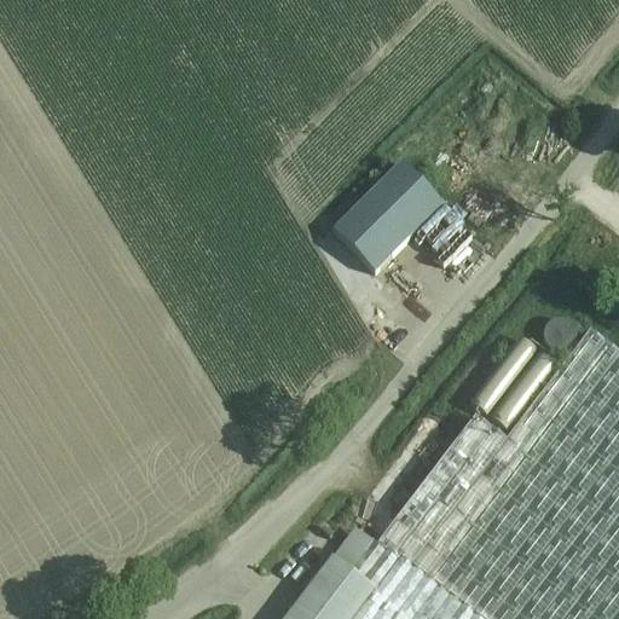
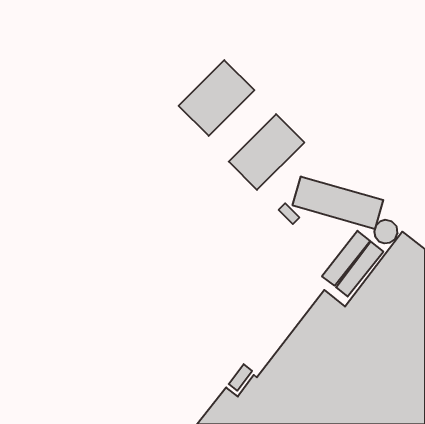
building: none -> [179,60,254,136]
building: none -> [293,176,383,229]

